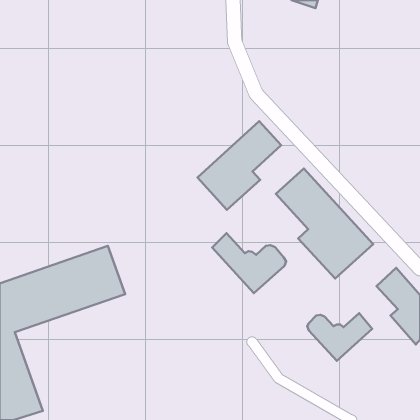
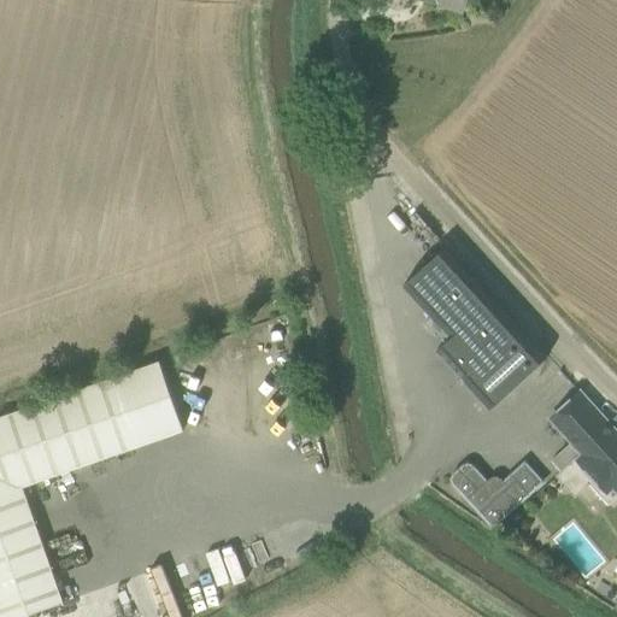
building: [197,121,281,210] -> none
building: [212,233,286,293] -> none

